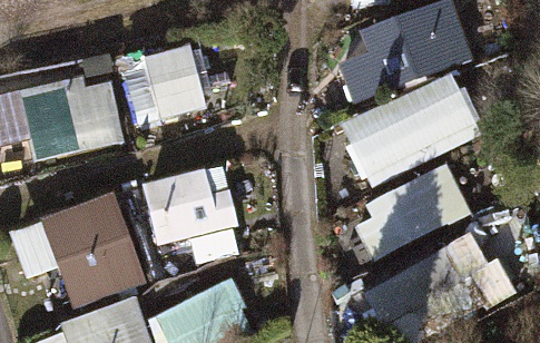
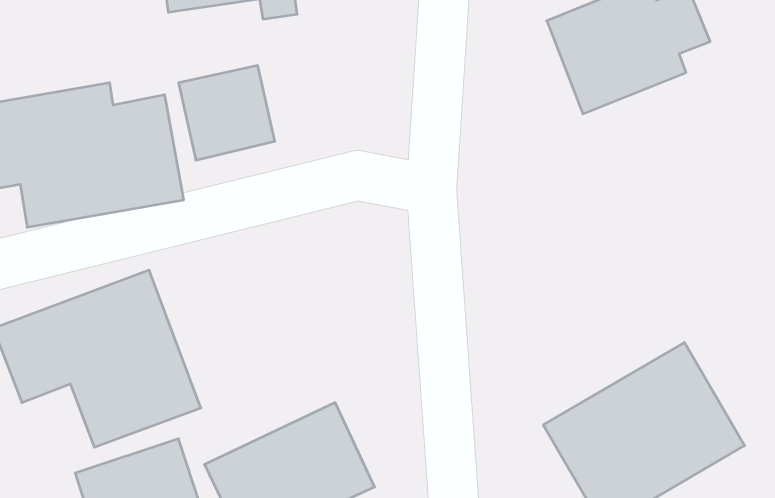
building: [336,73,481,190] -> none
building: [145,160,239,265] -> none
building: [356,169,464,263] -> none

